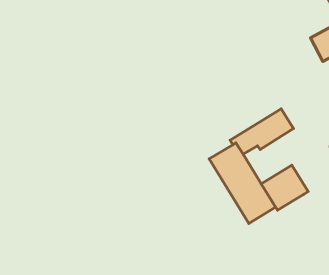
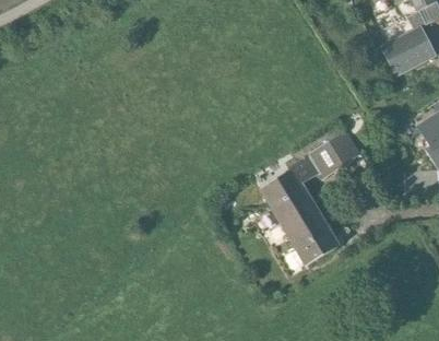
building: [261,165,308,210] -> none

